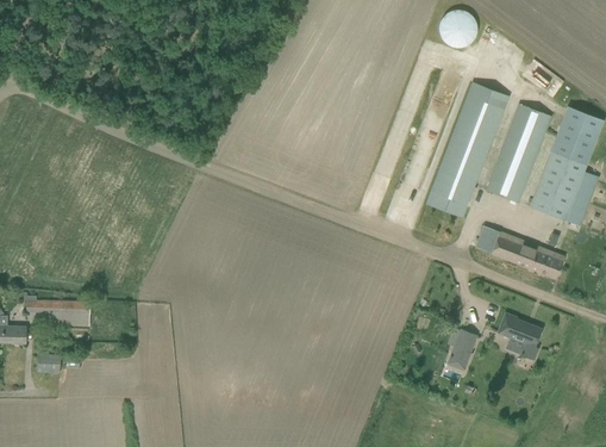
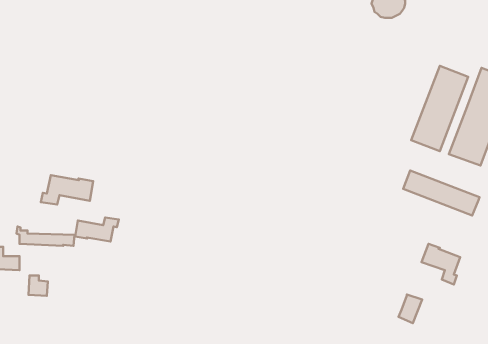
building: [425,82,507,218] -> none
building: none -> [41,175,93,205]
building: none -> [75,217,119,241]
building: [450,329,477,362] -> [399,295,422,323]

